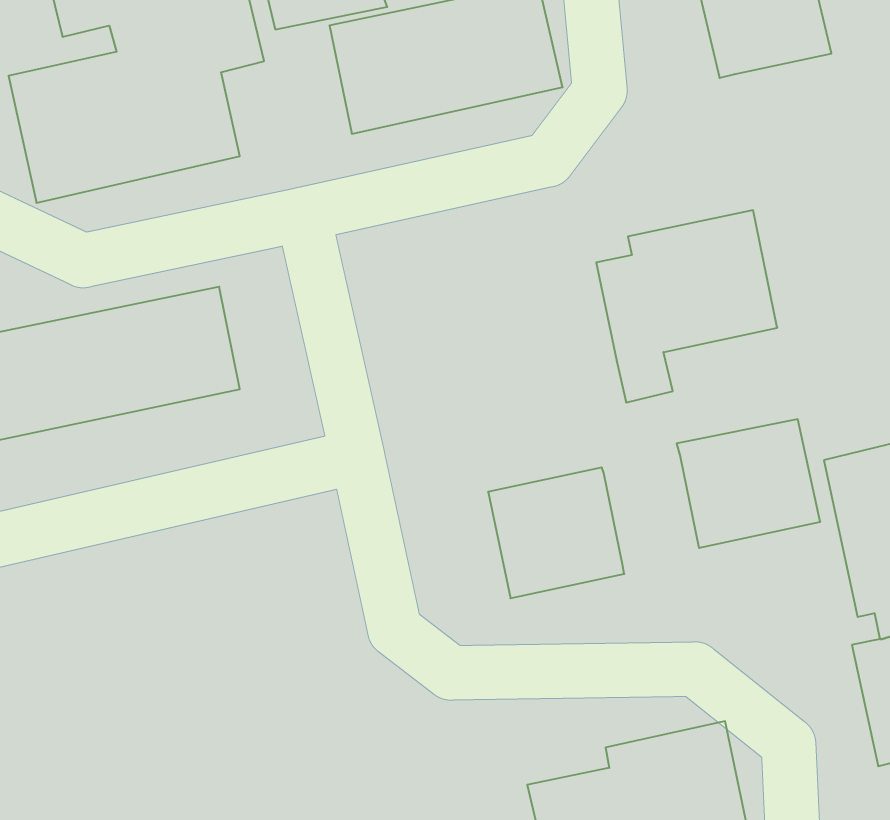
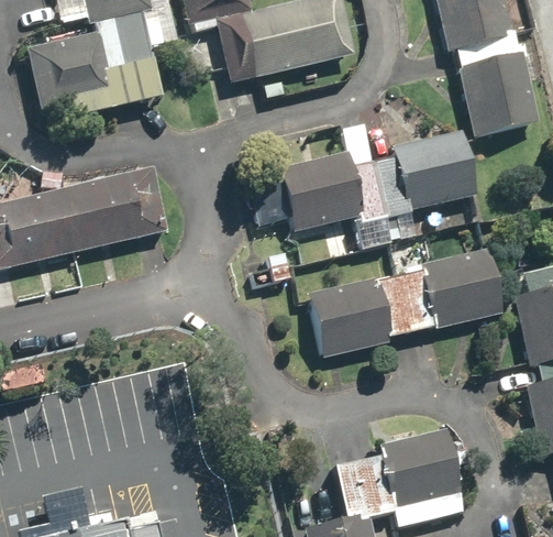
building: none -> [455,33,538,133]
building: none -> [278,152,386,231]
building: none -> [378,272,434,336]

